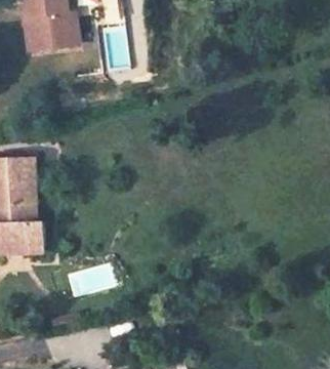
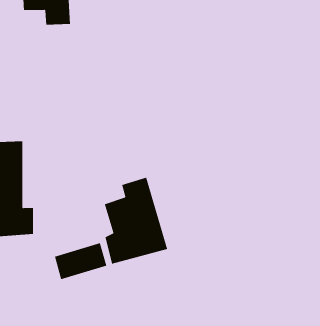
building: none -> [104,177,168,264]

